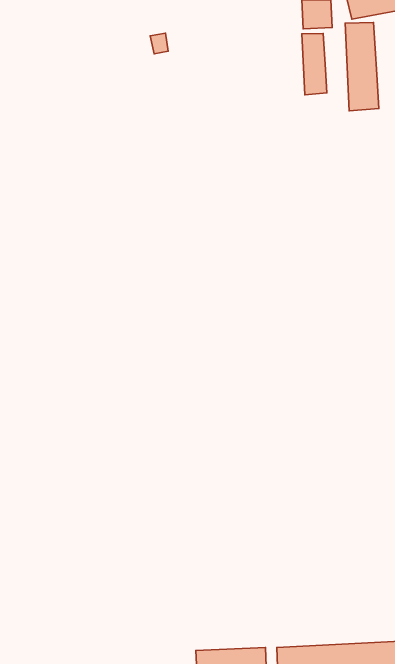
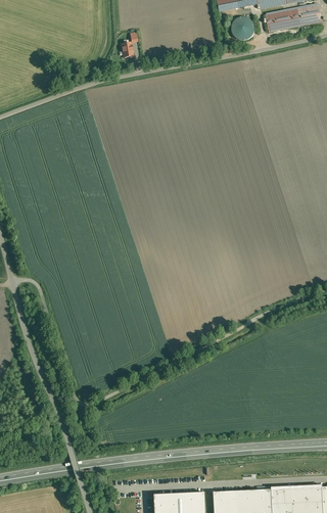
building: [345,23,379,111] -> none
building: [302,33,327,95] -> none

